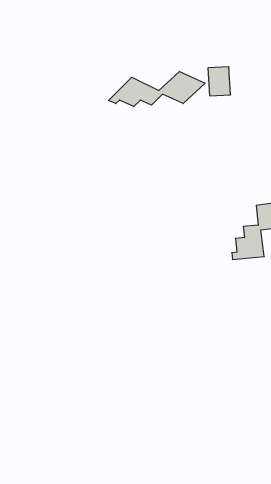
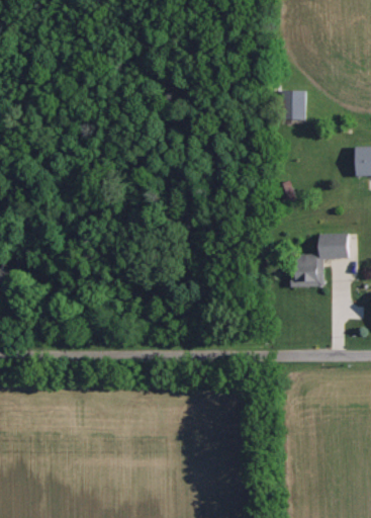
building: [109,71,205,107] -> none

